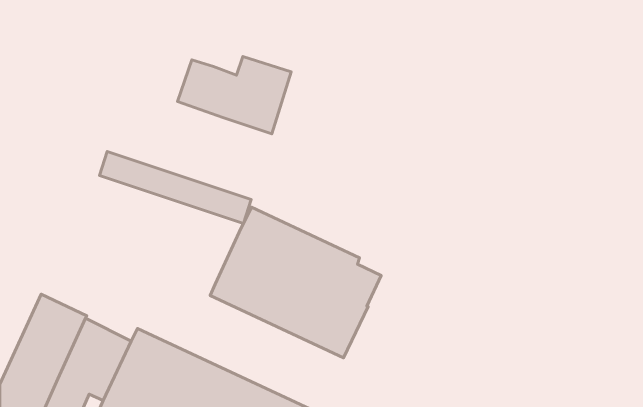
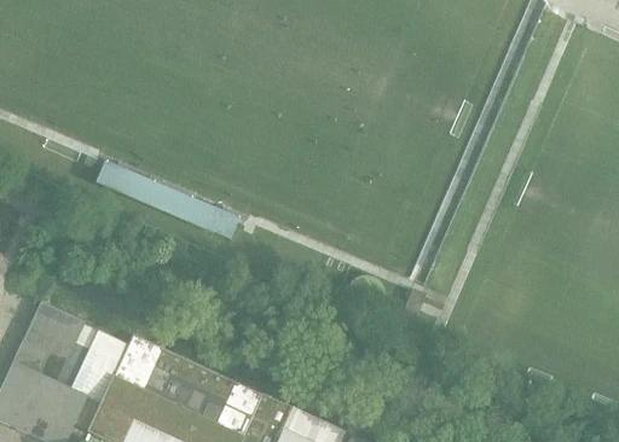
building: [177,57,291,134] -> none
building: [210,207,381,358] -> none

